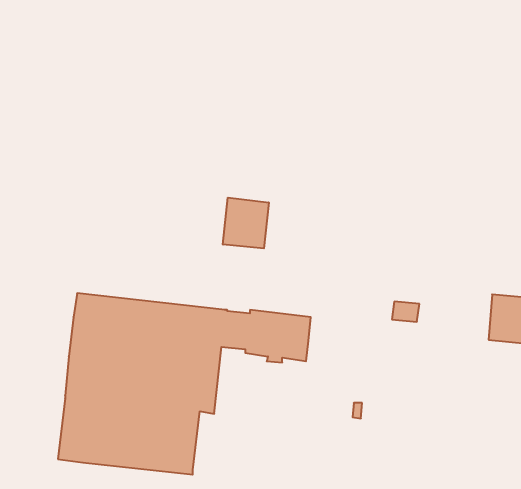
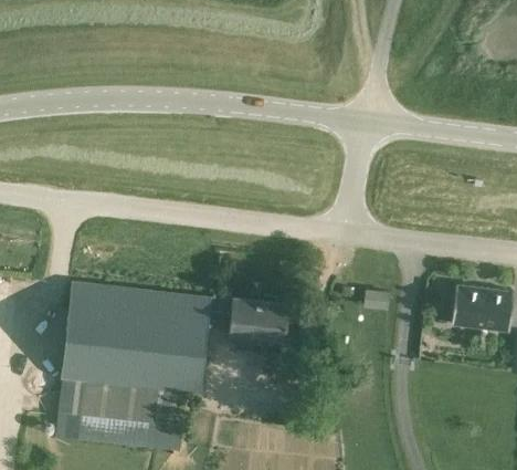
building: [223,198,269,248] -> none

